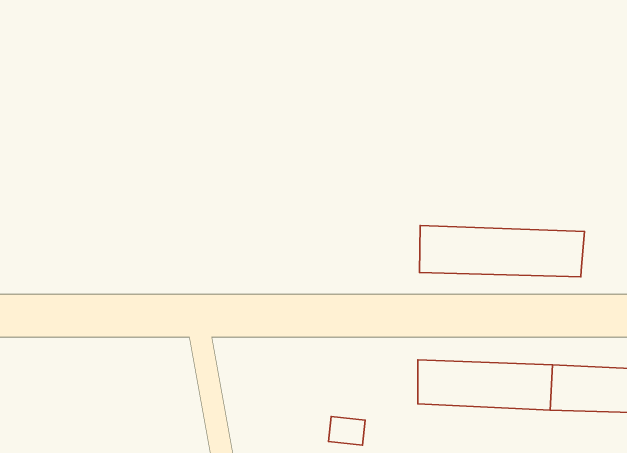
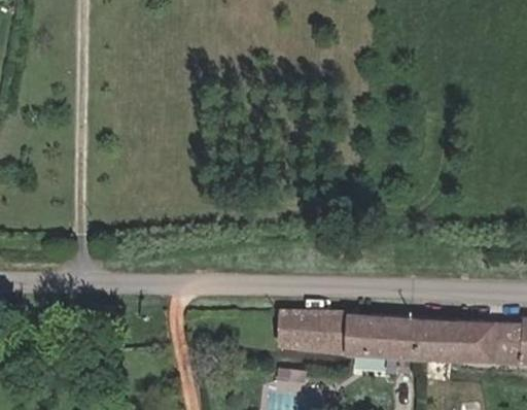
building: [420,226,584,277] -> none
building: none -> [280,310,348,348]

